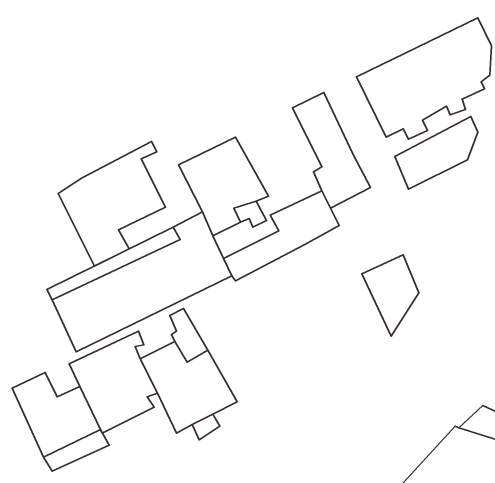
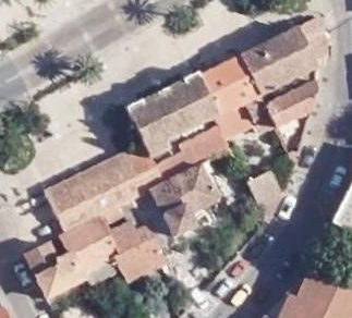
building: none -> [221,54,293,171]
building: none -> [166,74,220,130]
building: [58,142,165,266] -> [150,160,218,238]

